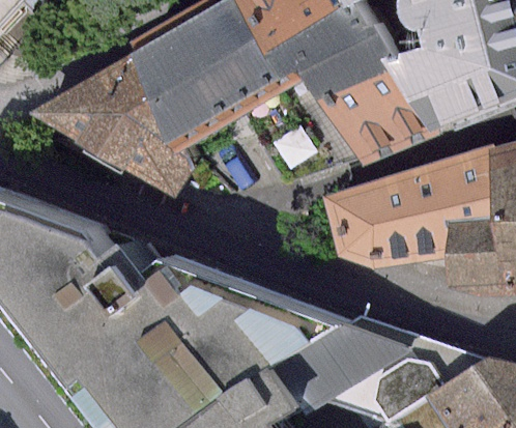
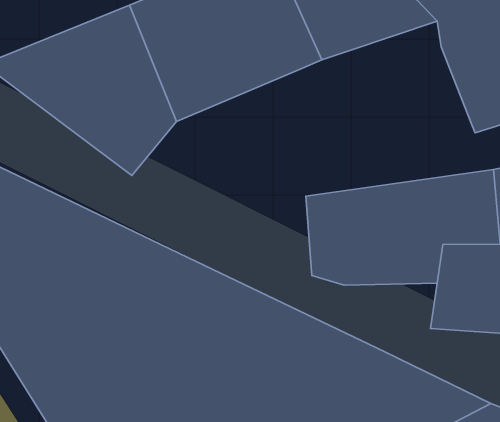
building: [299,30,460,167] -> none

